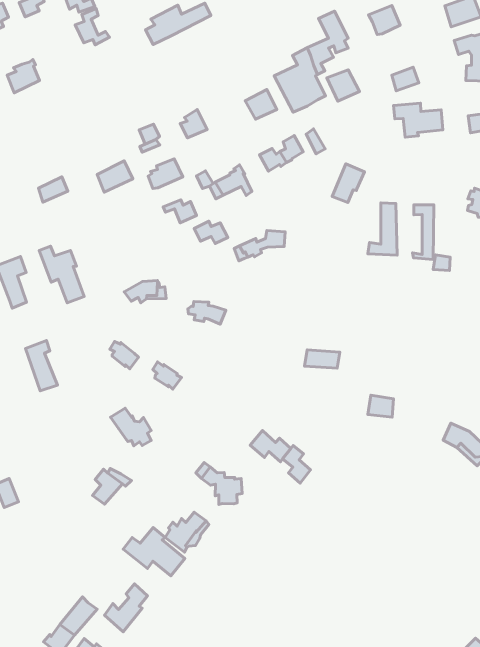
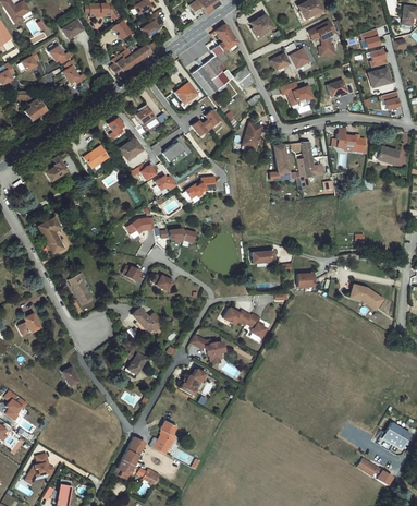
building: [39,246,84,303] -> none
building: [123,528,185,576] -> none

